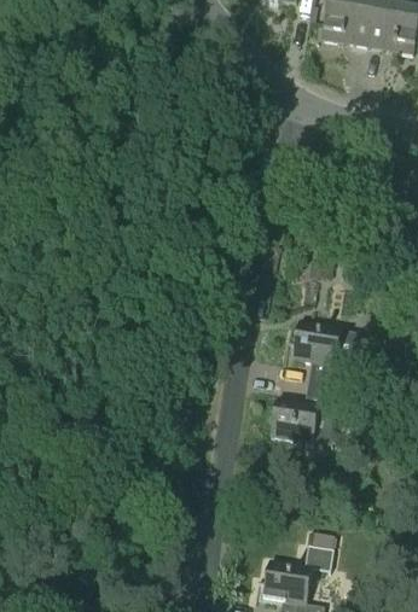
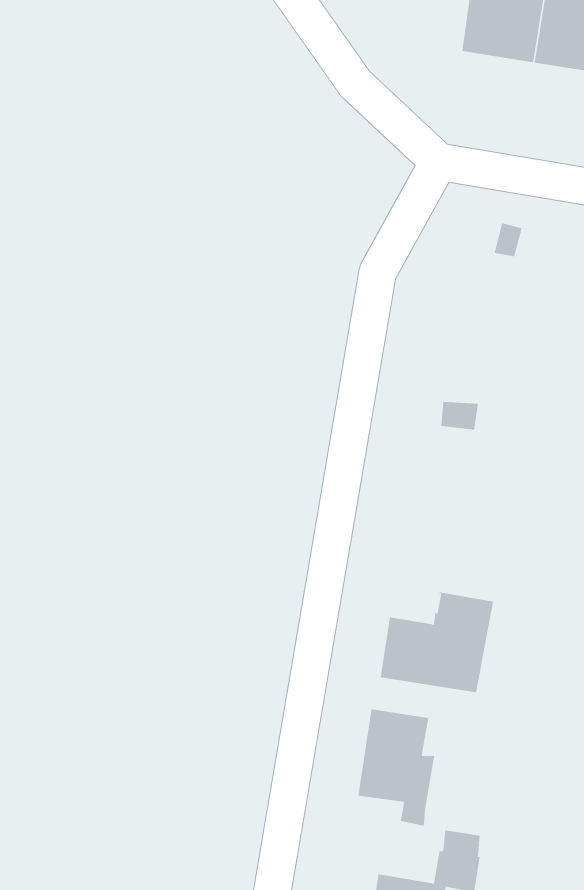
building: [292,321,361,387] -> none
building: none -> [358,709,435,826]

